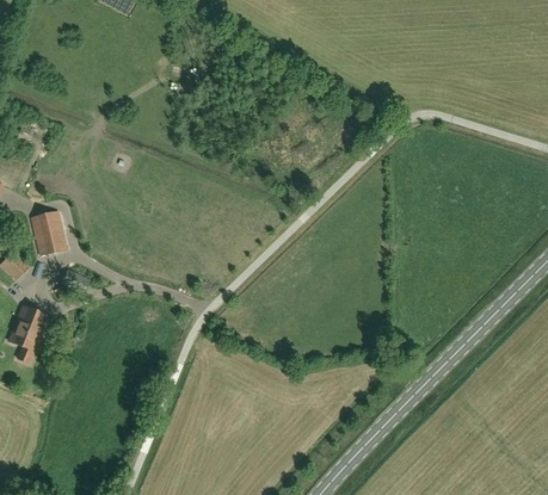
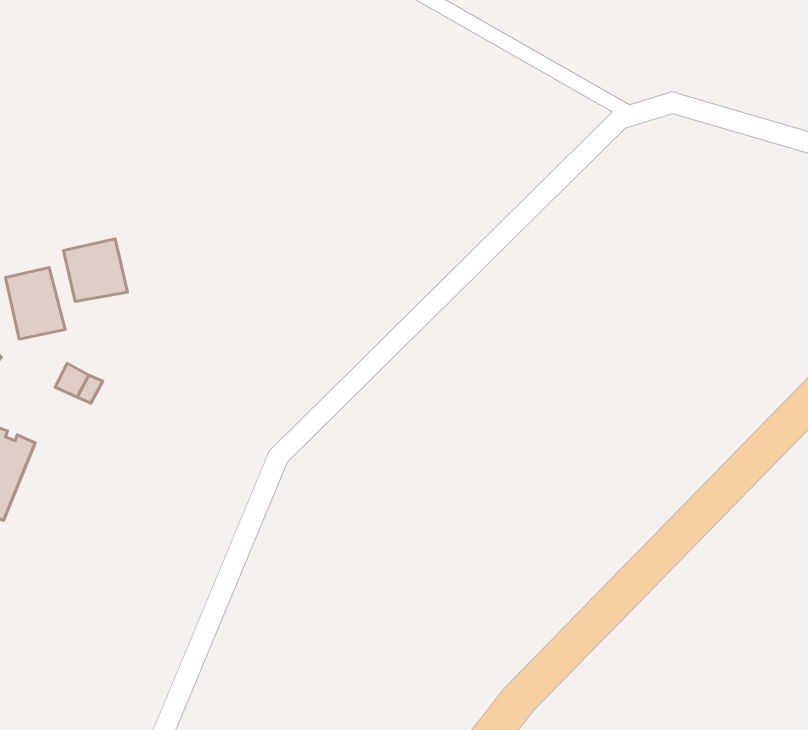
building: none -> [64,239,127,302]

